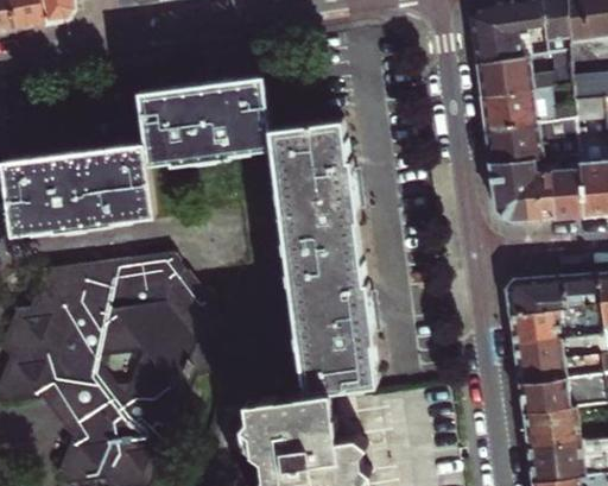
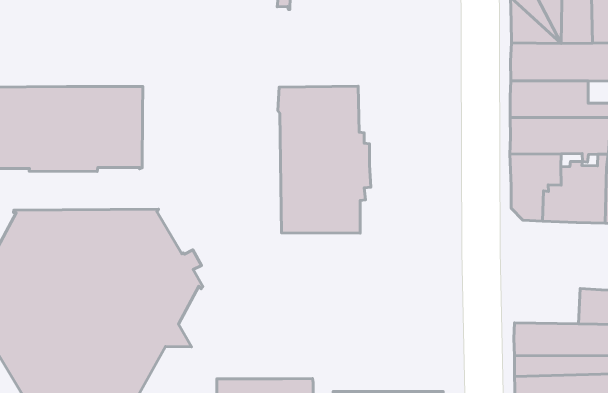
building: [138,77,270,168] -> none
building: [286,253,379,393] -> none
building: [504,279,565,317] -> none

